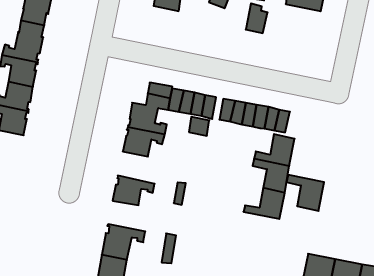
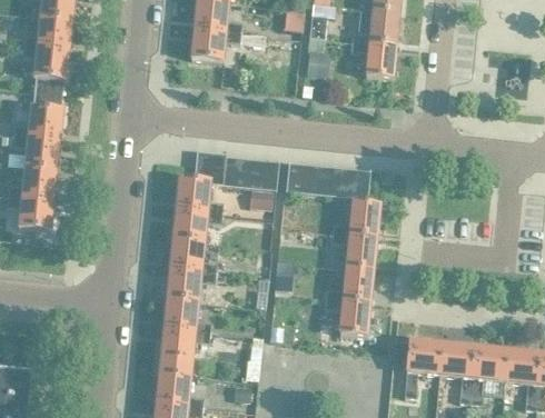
building: none -> [351,38,396,77]
building: none -> [169,236,222,271]
building: [287,175,324,211] -> [325,295,370,335]
building: none -> [164,297,210,330]

